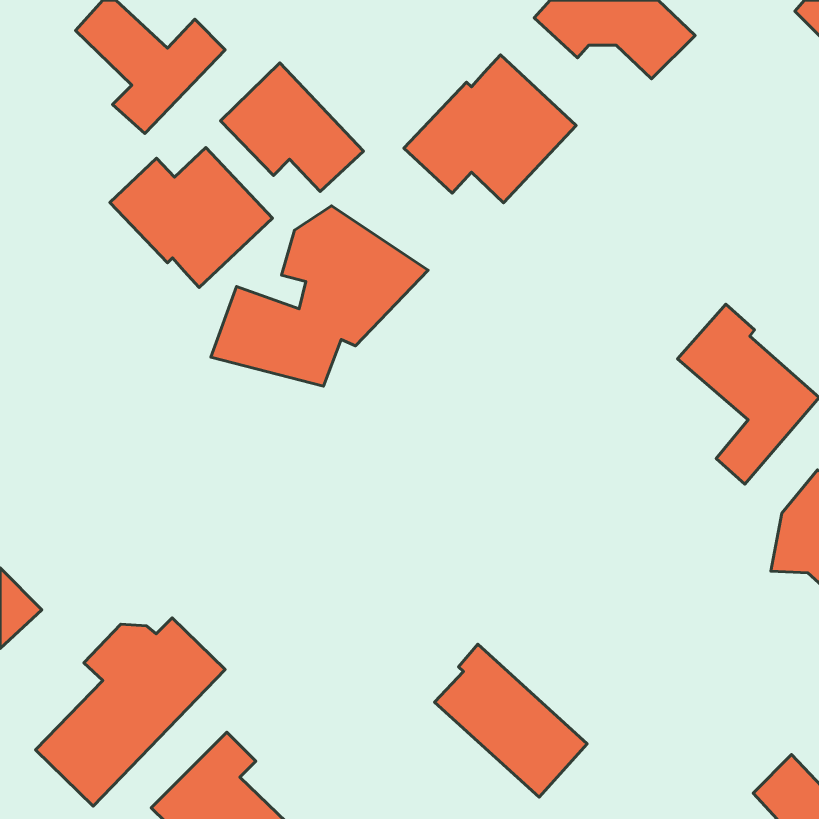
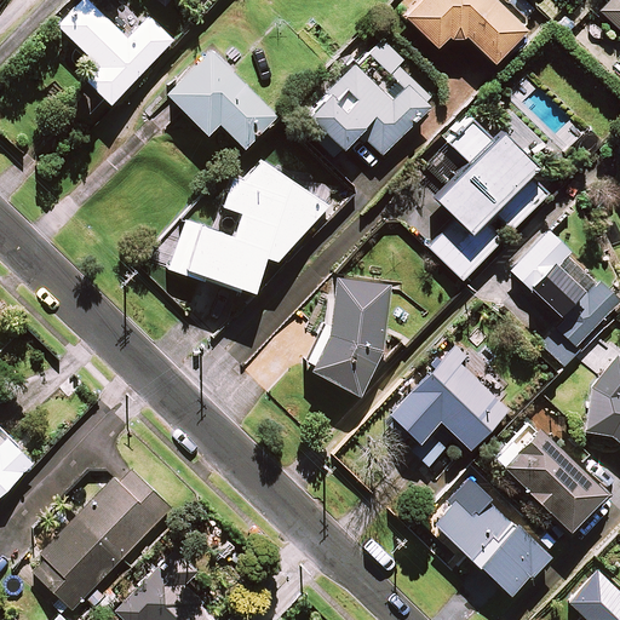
building: [110,147,273,287] -> none
building: none -> [426,121,544,279]
building: none -> [306,277,389,397]
building: none -> [390,354,507,467]
building: none -> [494,419,610,534]
building: [434,644,587,797] -> [434,480,549,595]

